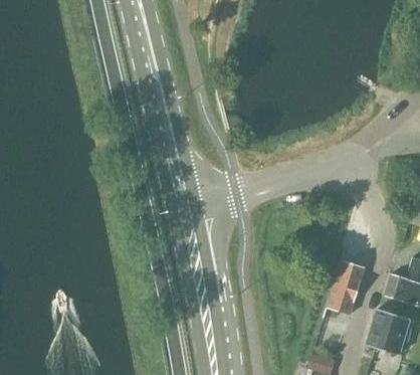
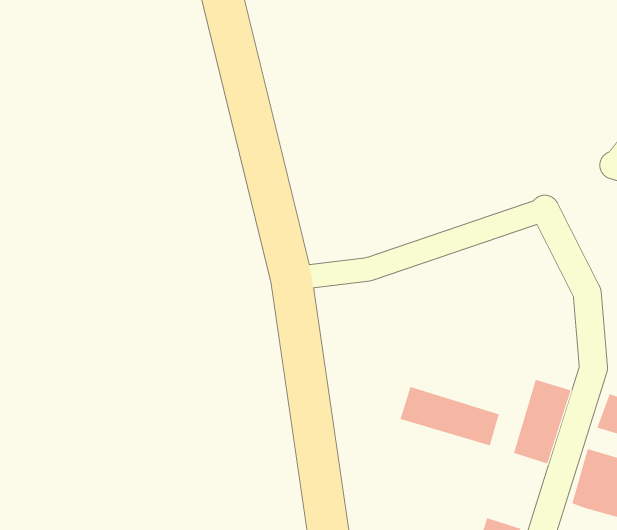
building: none -> [400,386,500,446]

